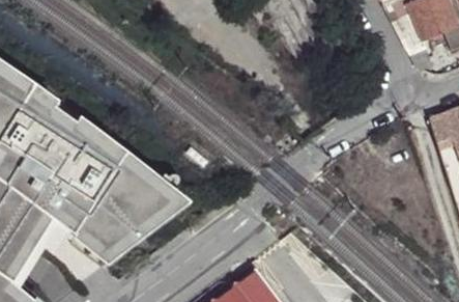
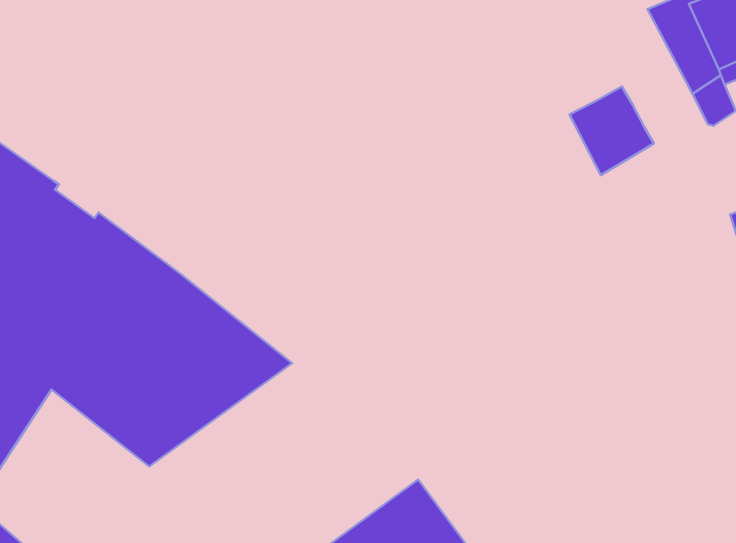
building: none -> [569,87,654,175]

